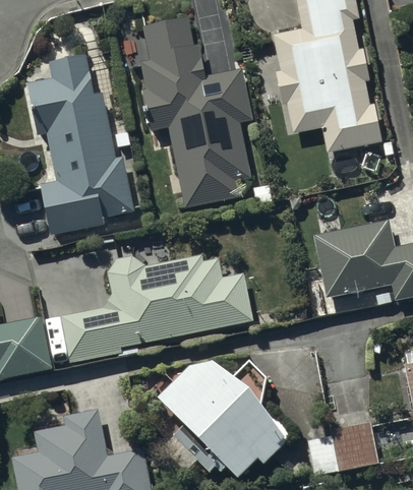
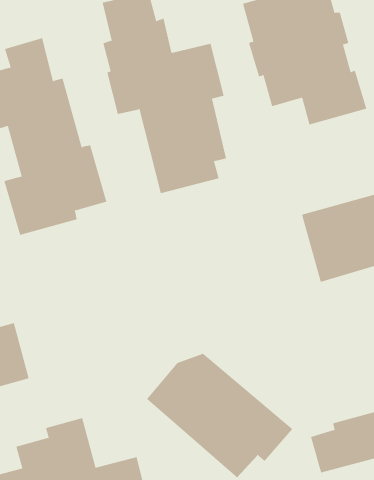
building: [61,254,253,363] -> none

